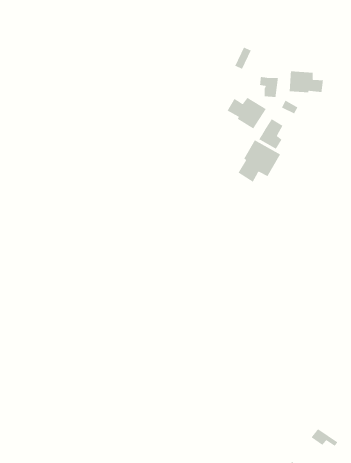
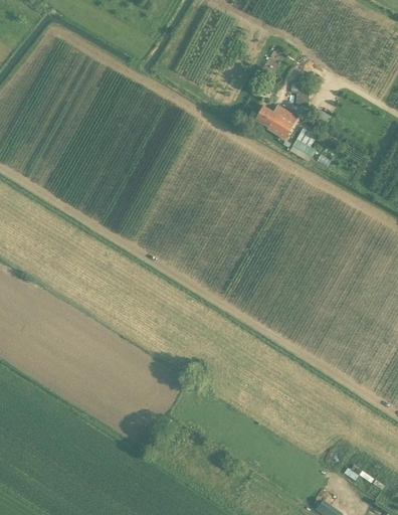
building: [289,70,324,93] -> none
building: [237,139,281,183] -> none

